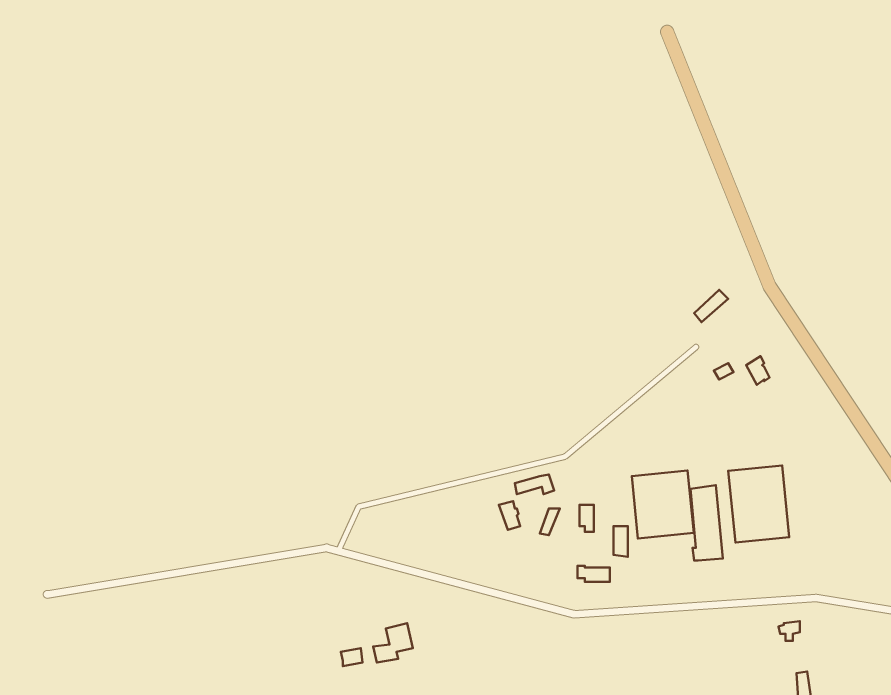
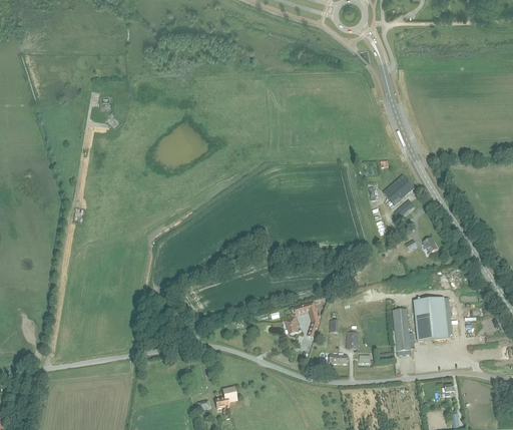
building: none -> [383,173,415,203]
building: [632,471,694,538] -> none

